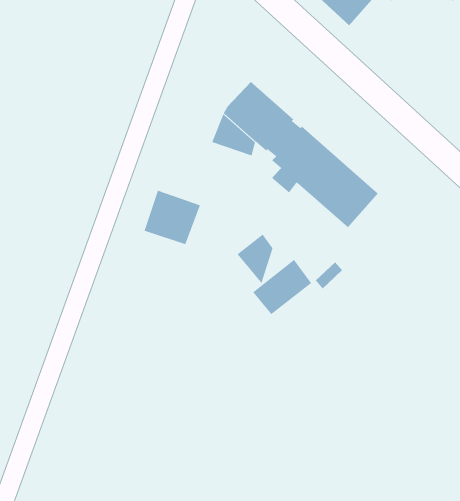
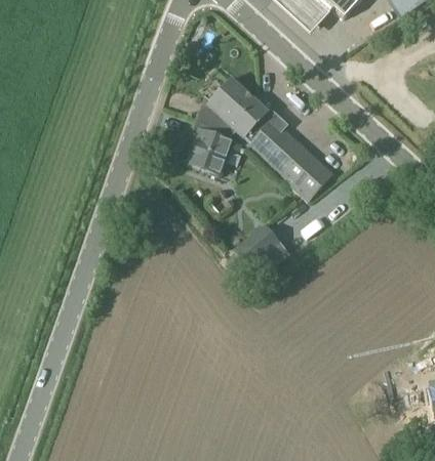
building: [144,189,201,245] -> [188,127,234,172]
building: [237,233,273,284] -> none

